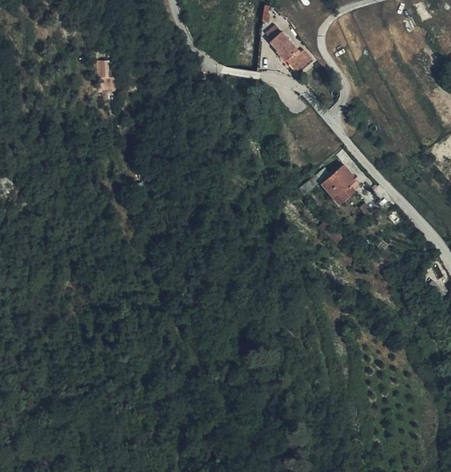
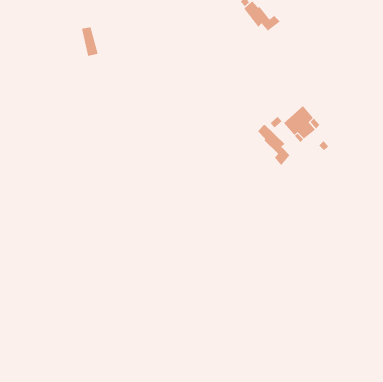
building: none -> [258,124,290,166]

